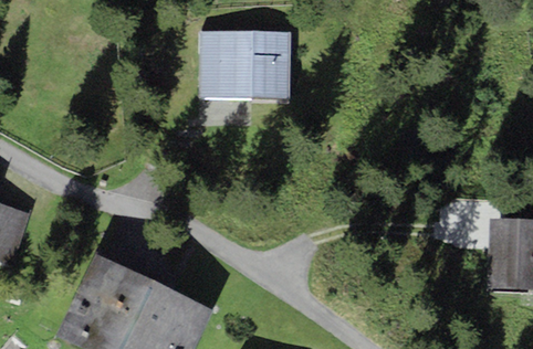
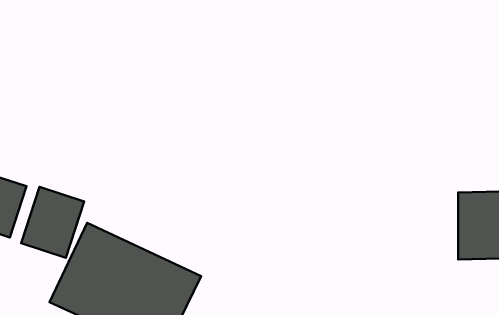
building: [199,31,291,99] -> none
building: none -> [21,187,84,258]

